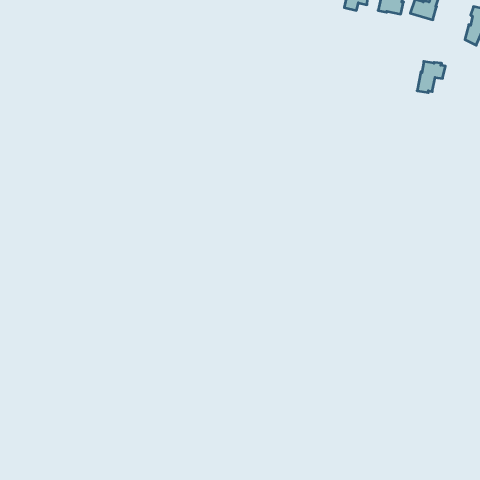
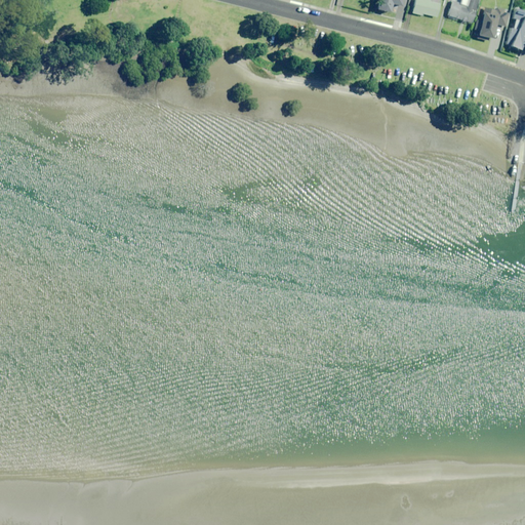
building: [417,61,445,93] -> [478,6,509,40]

